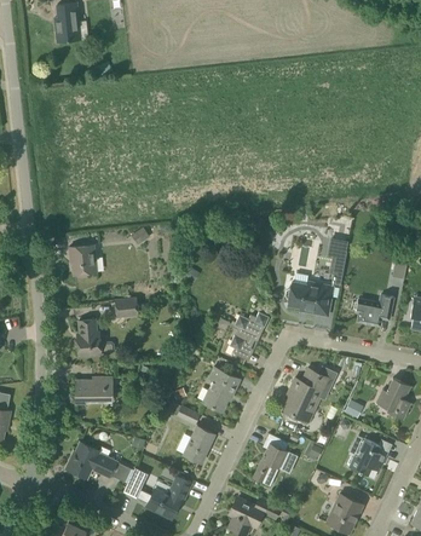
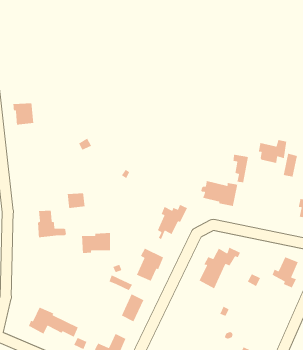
building: [69,246,97,275] -> [12,103,34,125]
building: [356,295,393,327] -> [258,139,287,164]
building: [75,376,113,404] -> [81,232,111,254]
building: [253,433,289,486] -> none
building: [350,439,383,477] -> none

